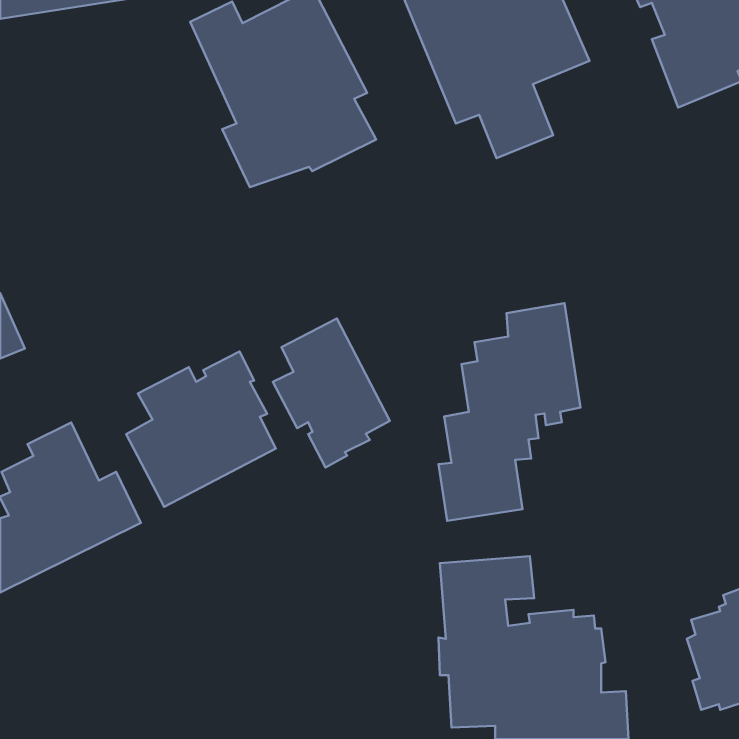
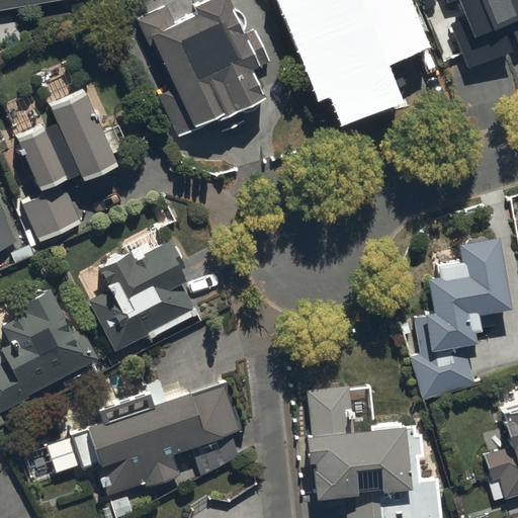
building: none -> [16,87,117,233]
building: [438,303,581,521] -> [411,235,510,386]
building: [273,319,390,467] -> none
building: none -> [26,383,243,496]

